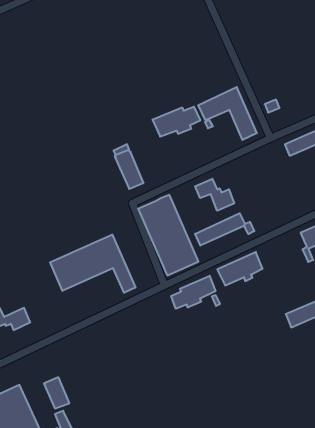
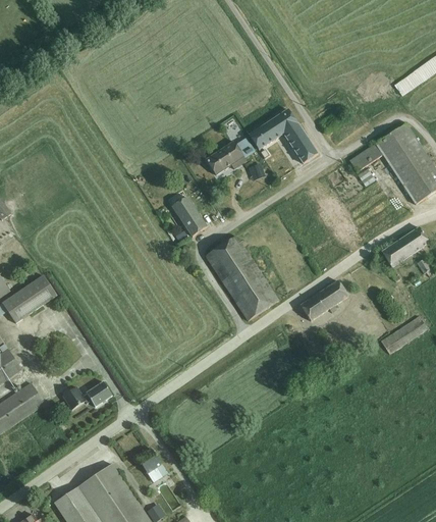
building: [195,179,234,211] -> none
building: [195,213,254,246] -> none
building: [50,235,135,293] -> none
building: [171,276,215,309] -> none

